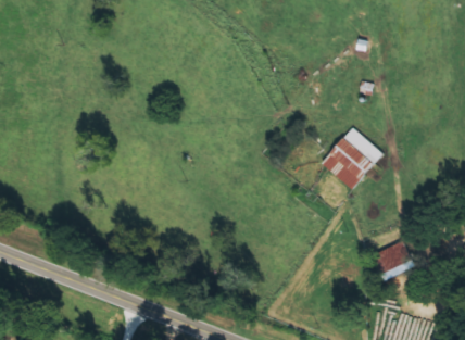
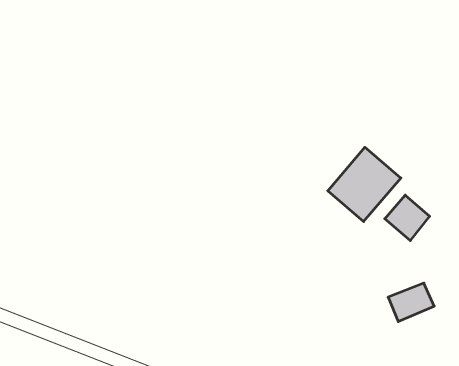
building: none -> [385,195,430,241]

